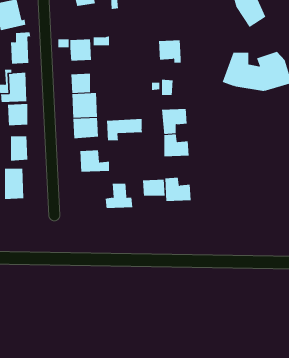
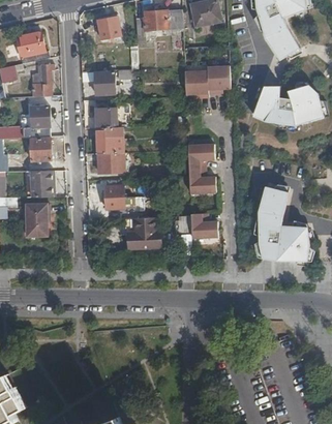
building: none -> [208,68,231,92]
building: [107,118,142,141] -> none
building: none -> [255,186,308,263]

